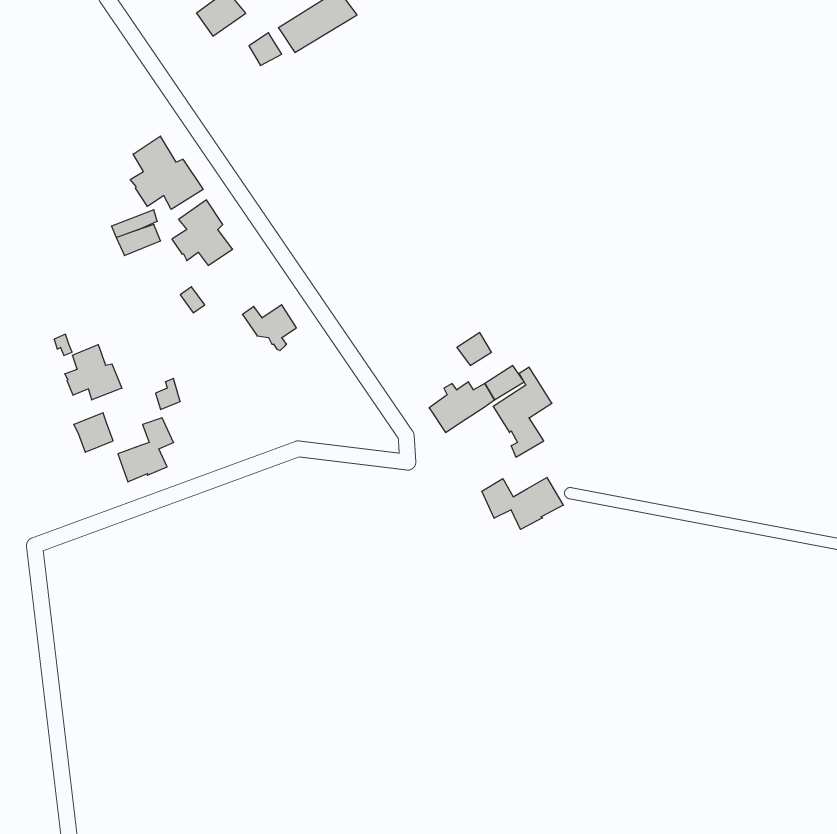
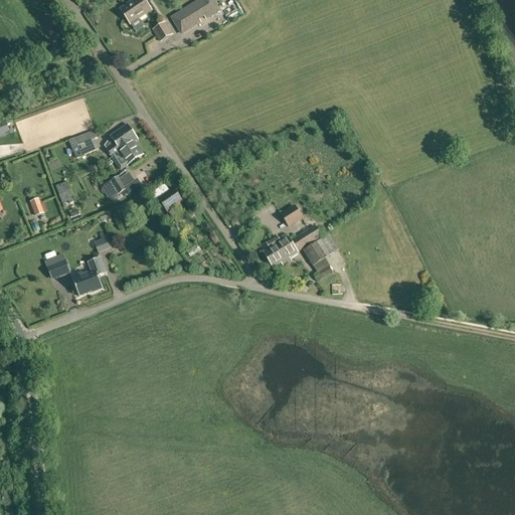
building: [130,136,203,209] -> none
building: [65,345,122,400] -> none
building: [482,477,563,529] -> none

